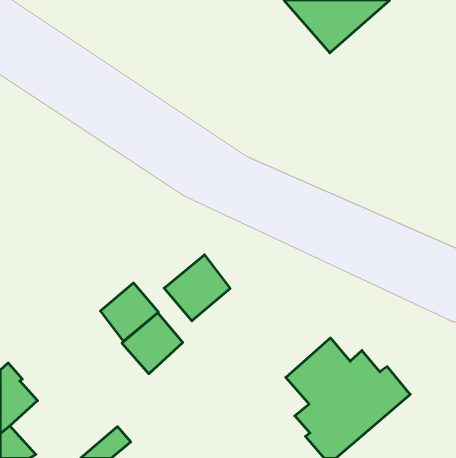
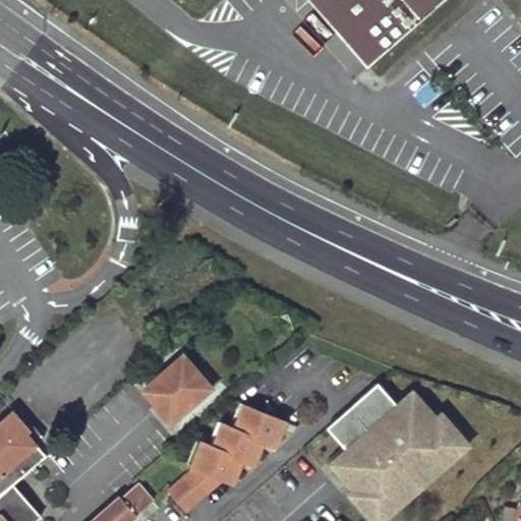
building: [164,255,230,321] -> none
building: [100,283,158,341] -> none
building: none -> [167,410,280,511]

